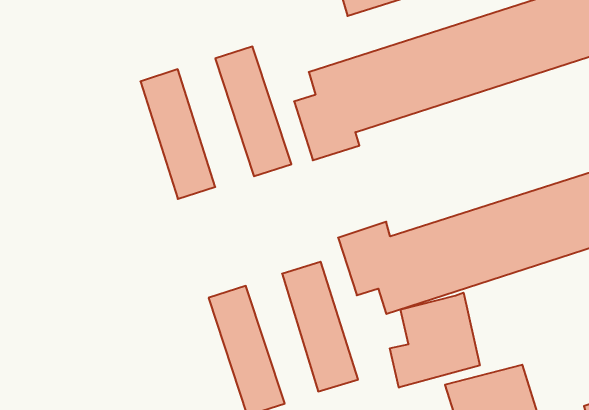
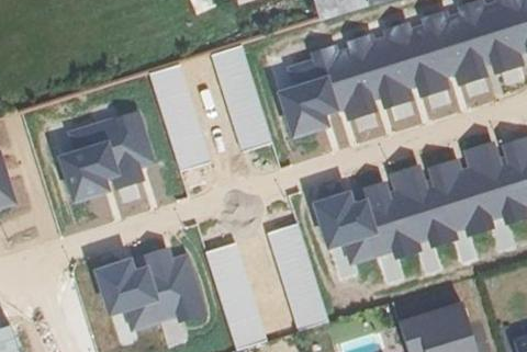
building: none -> [56,107,155,202]
building: none -> [94,245,209,329]
building: [390,293,480,388] -> none

